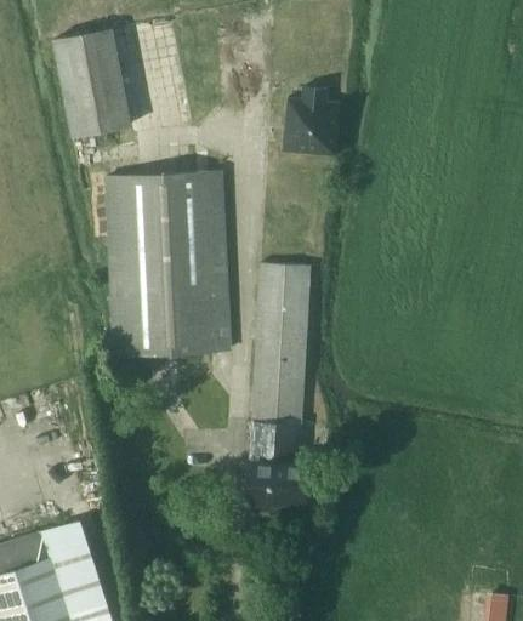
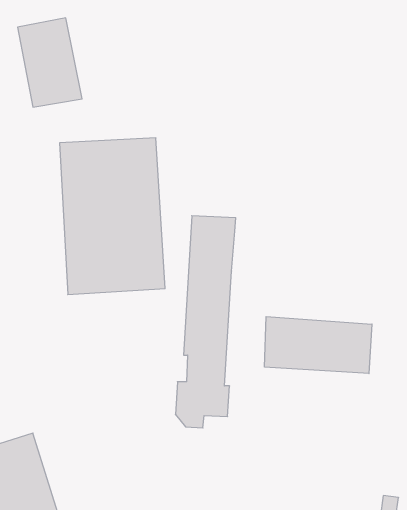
building: [283,87,341,155] -> none
building: none -> [265,317,372,374]

